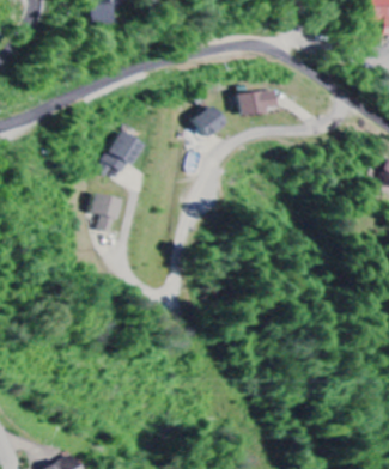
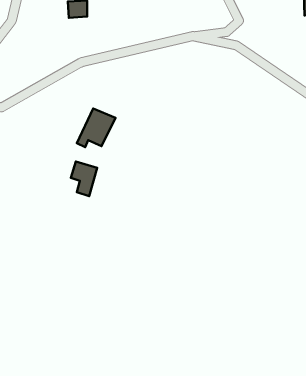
building: [241,90,280,115] -> none
building: [196,105,230,138] -> none

